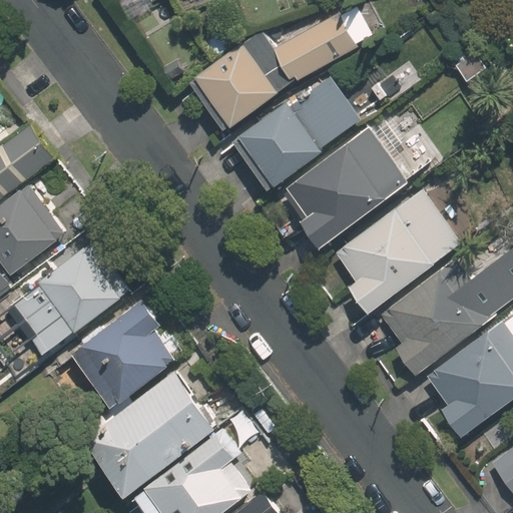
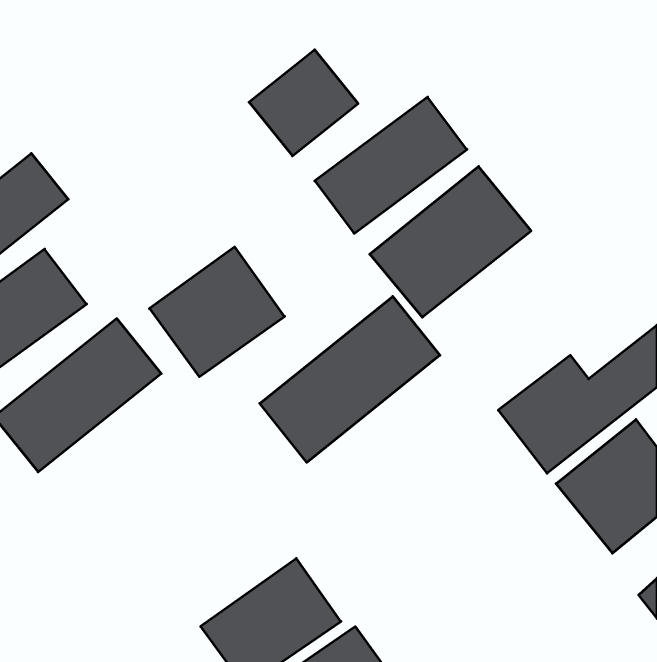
building: [278,20,352,84] -> none
building: [335,191,459,310] -> none
building: none -> [260,296,440,462]
building: [76,299,179,398] -> [149,247,285,377]
building: [87,375,218,497] -> none

